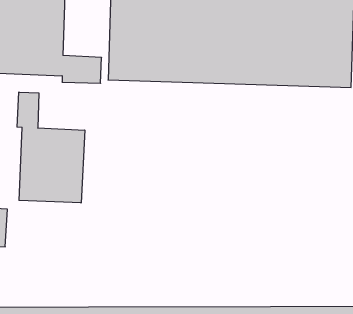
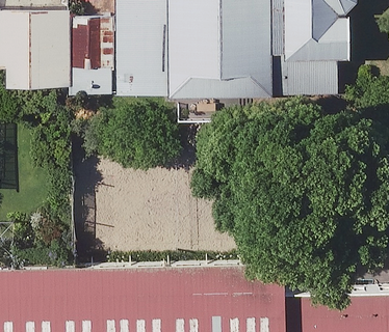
building: [17,92,85,203] -> none

